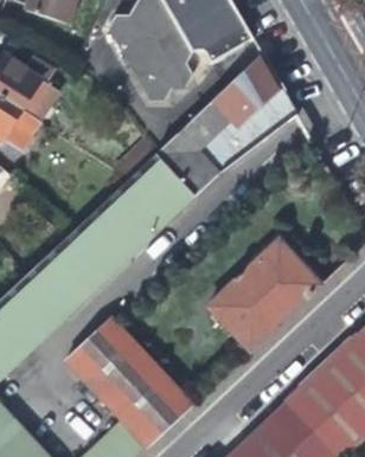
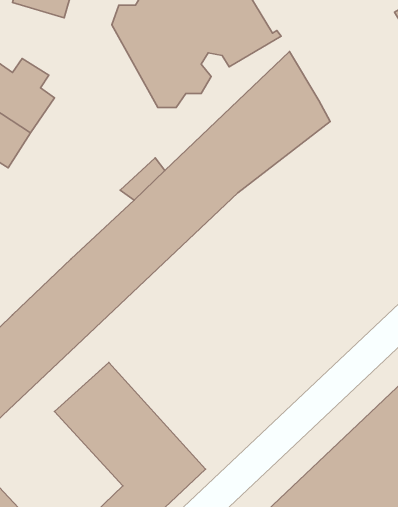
building: [207,239,320,349] -> none

